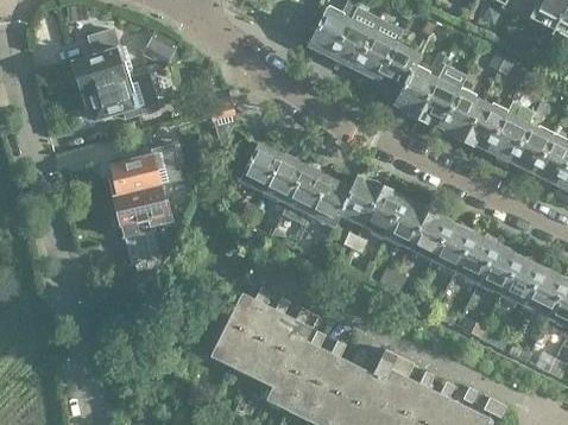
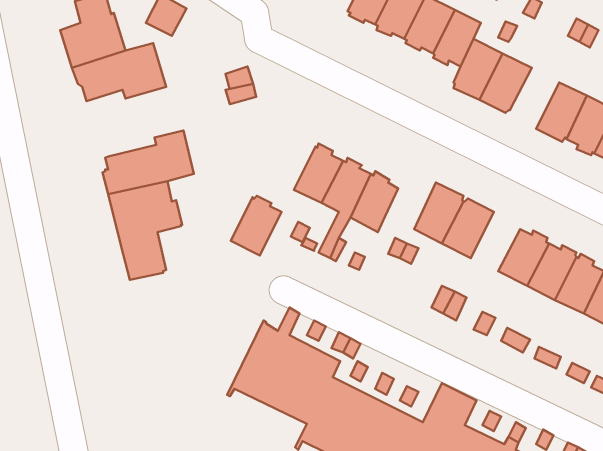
building: [442,91,482,141] -> none
building: [241,142,283,191] -> [231,196,281,255]
building: [340,175,381,223] -> none
building: [410,209,450,258] -> none

